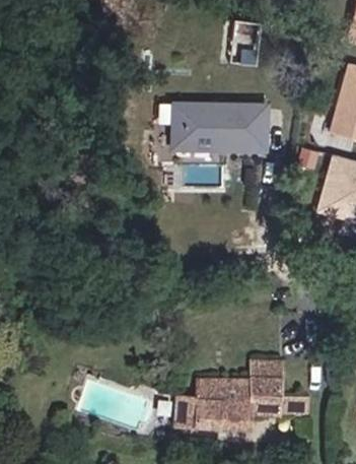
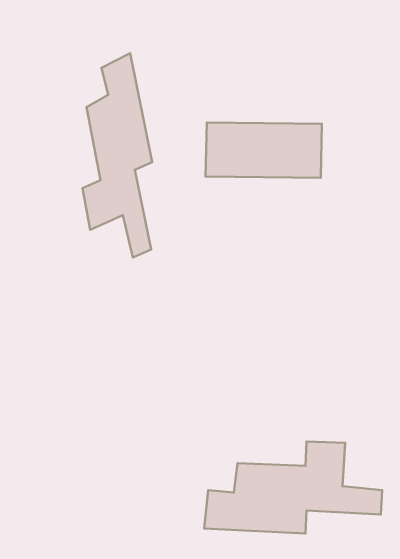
building: none -> [82,53,152,258]

